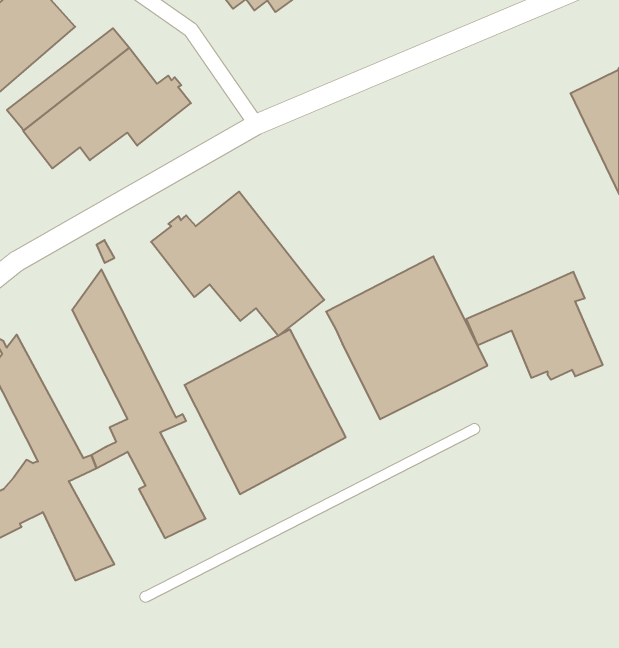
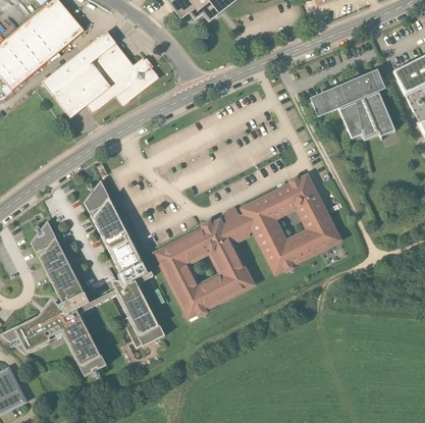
building: [151,192,324,336] -> none
building: [466,272,603,379] -> [311,70,396,138]
building: none -> [224,210,251,239]

